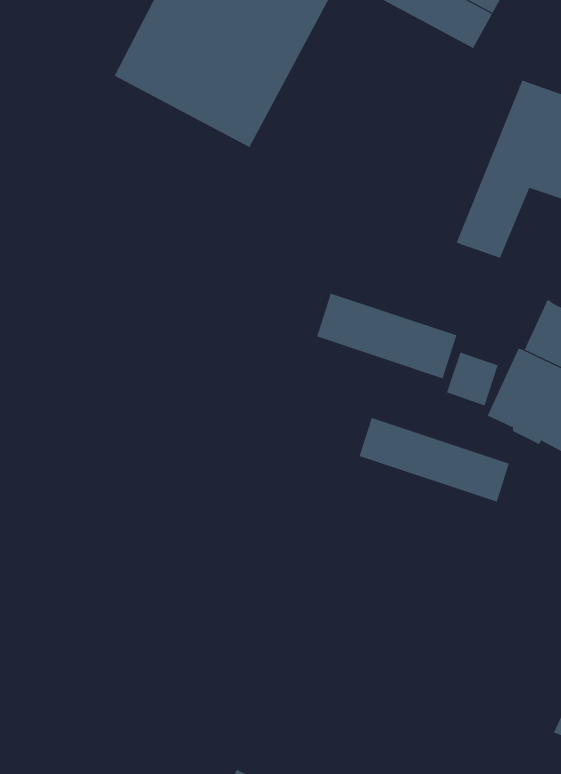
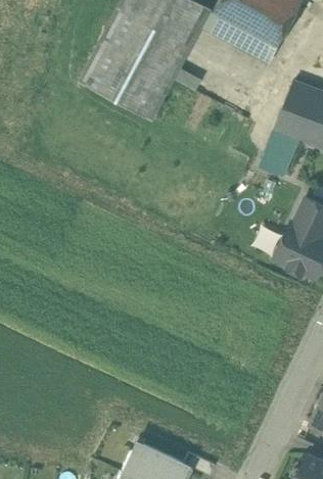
building: [316,293,457,379] -> none
building: [359,417,510,502] -> none

